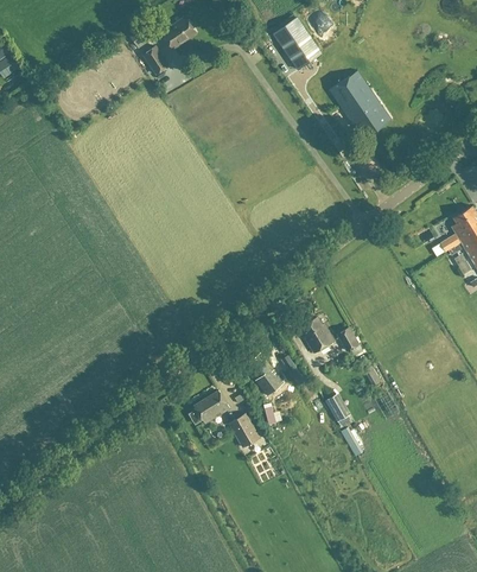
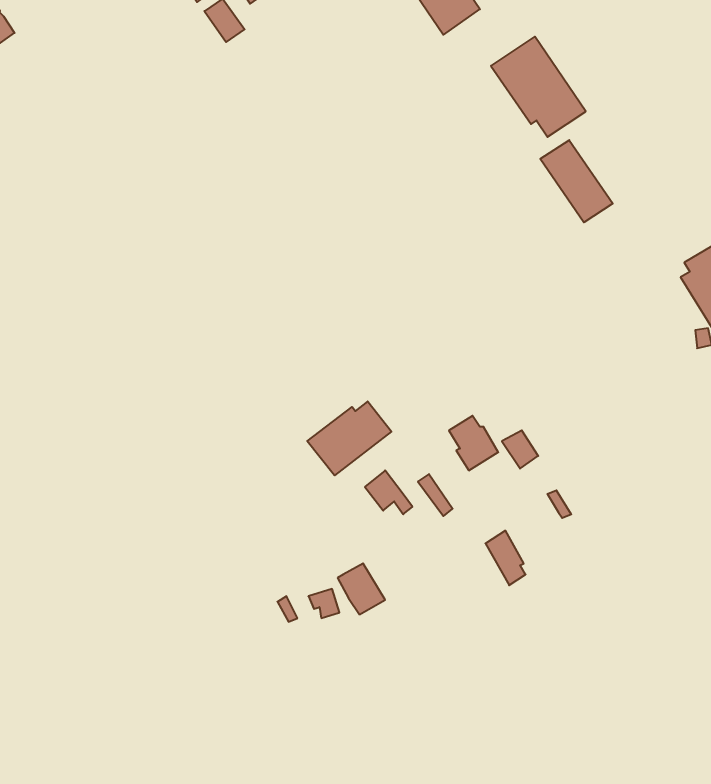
building: none -> [540,140,613,222]
building: none -> [307,401,391,475]
building: [193,390,230,424] -> none

